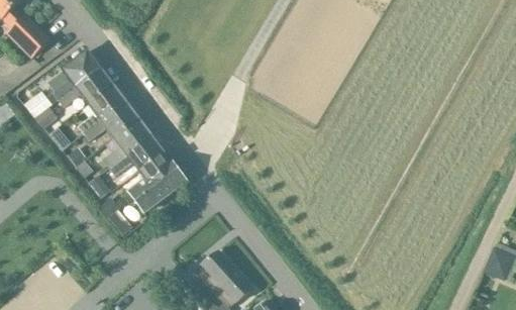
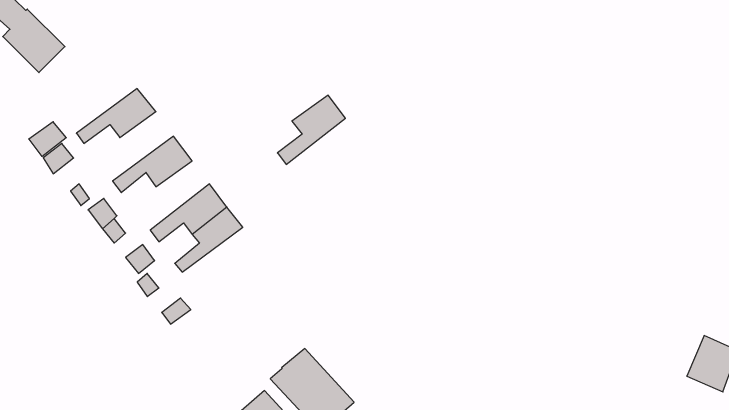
building: [46,48,100,99] -> none
building: [78,84,125,132] -> none
building: [103,118,150,167] -> [277,95,345,164]
building: [131,165,185,212] -> none

